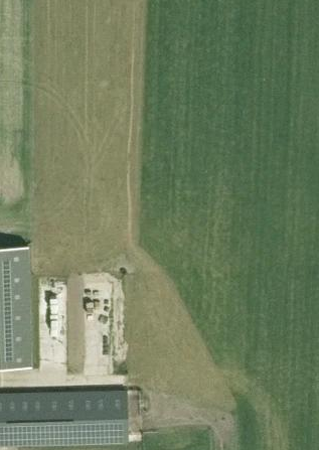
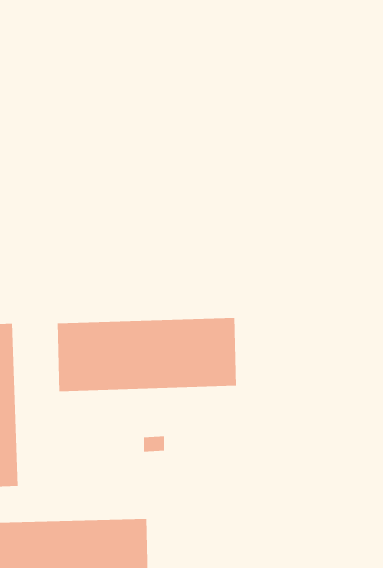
building: none -> [57,317,236,392]

